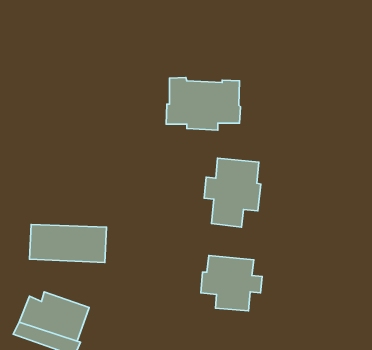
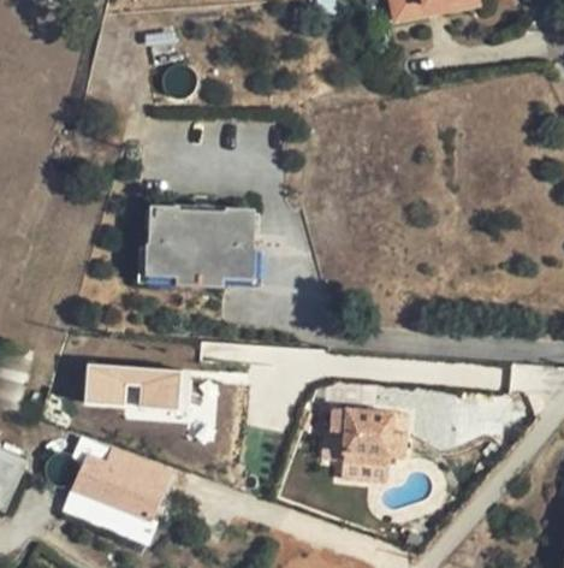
building: [166,77,240,130] -> [148,208,251,282]
building: [204,158,261,227] -> none

